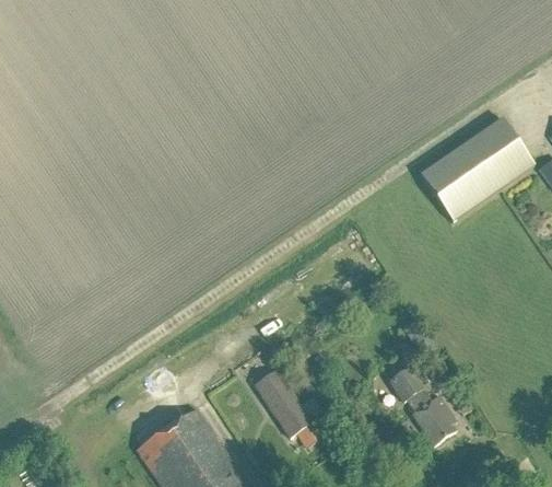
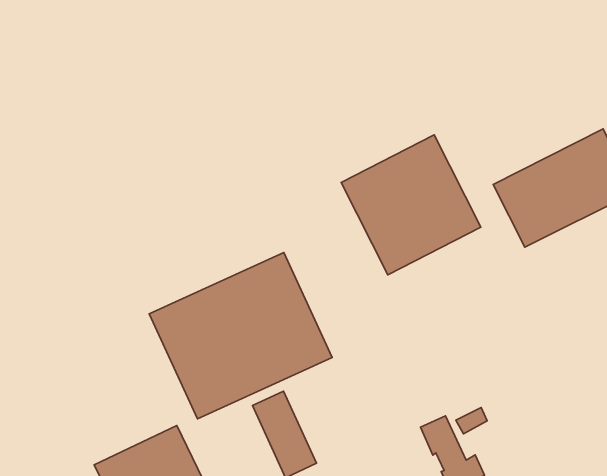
building: none -> [341,135,481,275]
building: none -> [149,253,332,419]

